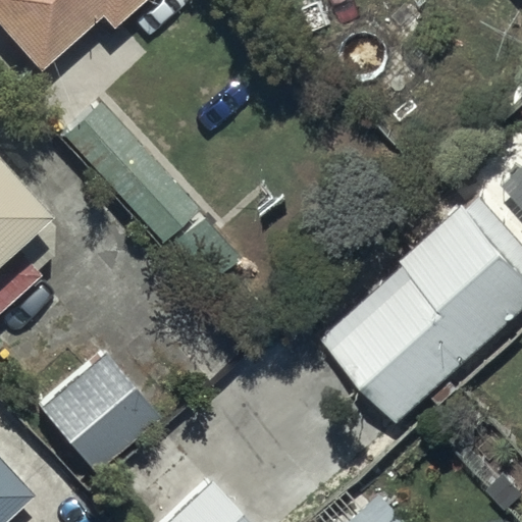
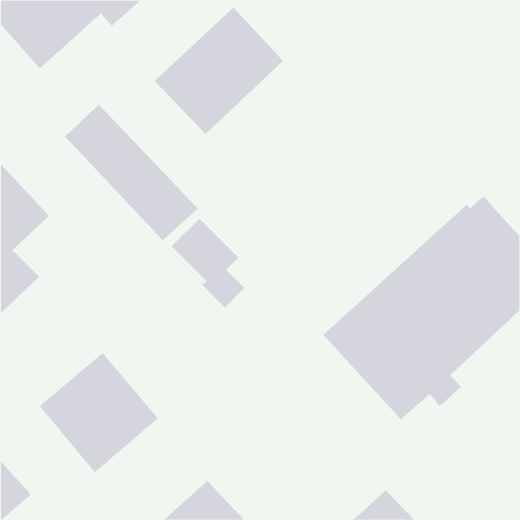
building: none -> [154,7,284,135]

